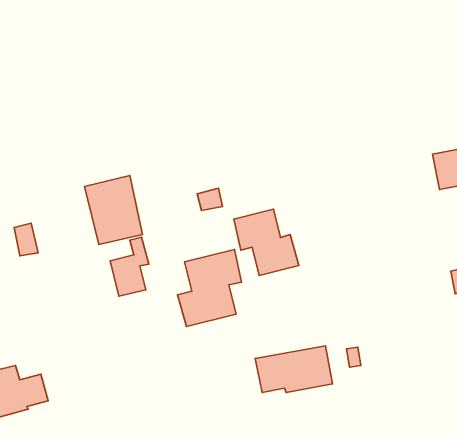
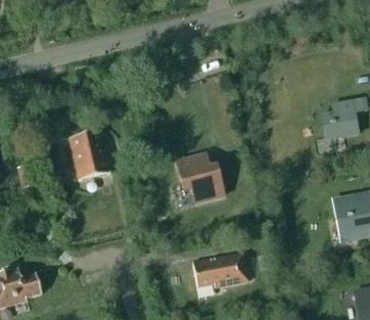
building: [110,237,149,296] -> none
building: [178,249,242,327] -> none

